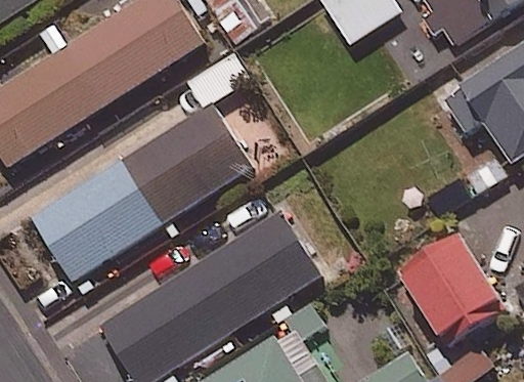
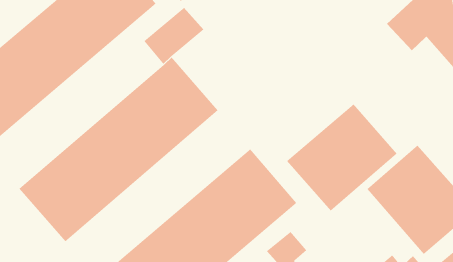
building: none -> [286,103,397,212]

